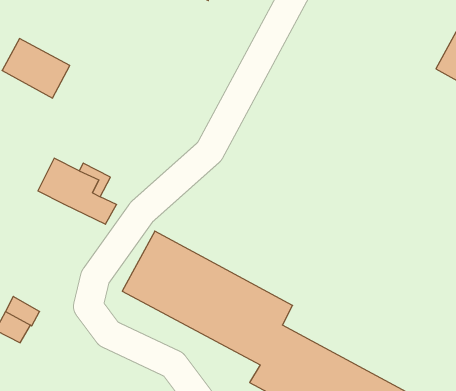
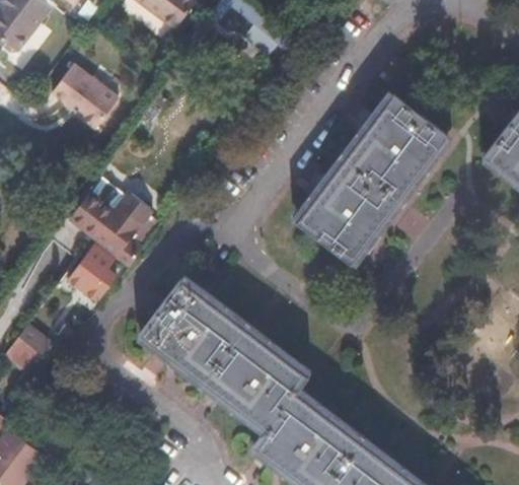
building: none -> [300,96,453,260]
building: none -> [67,242,116,299]

